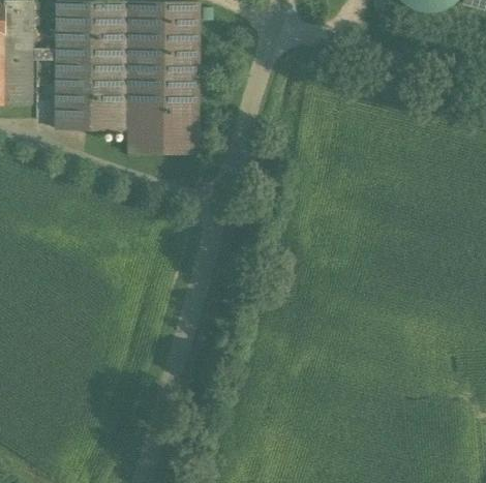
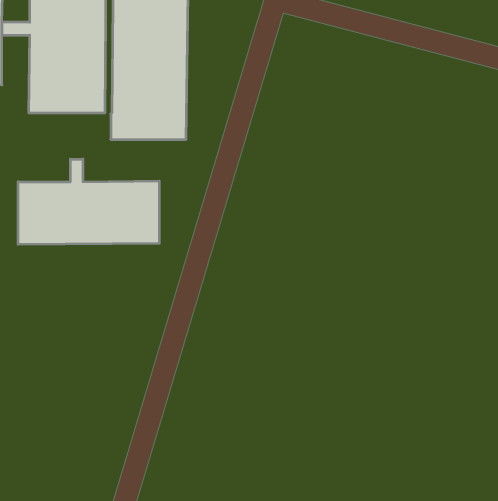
building: none -> [18,159,159,244]

